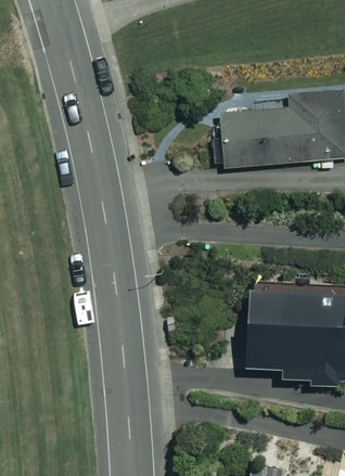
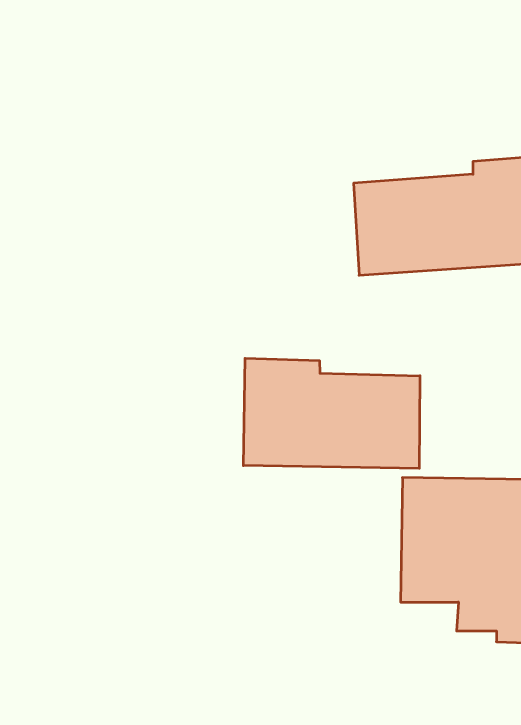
building: none -> [243,358,420,468]

